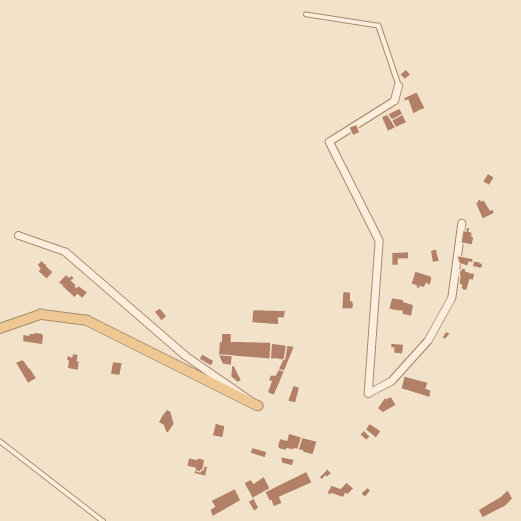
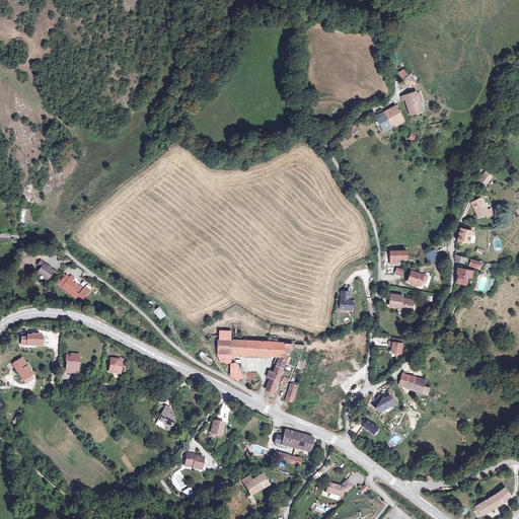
building: [252,310,286,325] -> none
building: [265,471,312,507] -> none
building: [210,489,241,517] -> none

